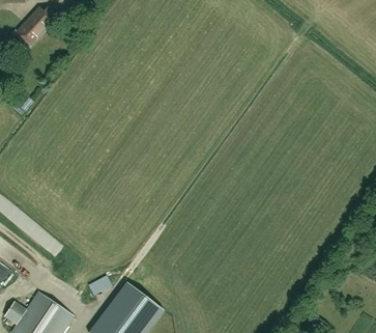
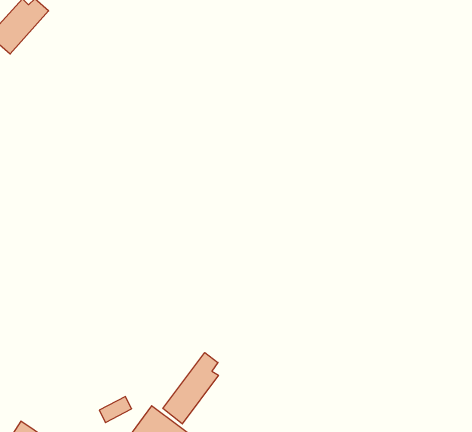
building: none -> [163,353,218,424]

